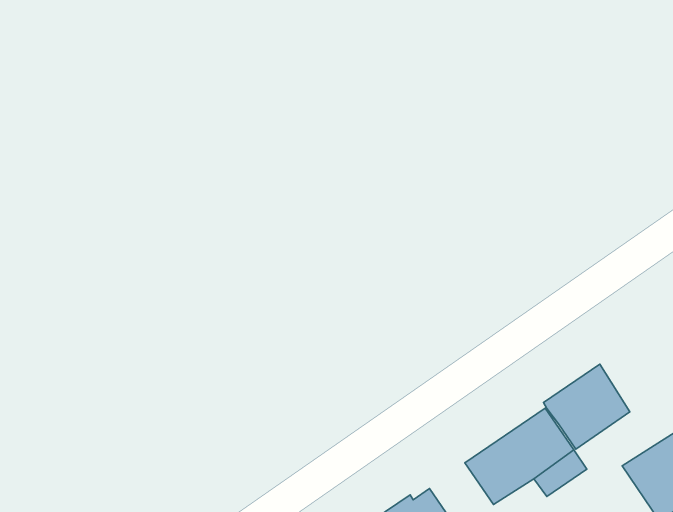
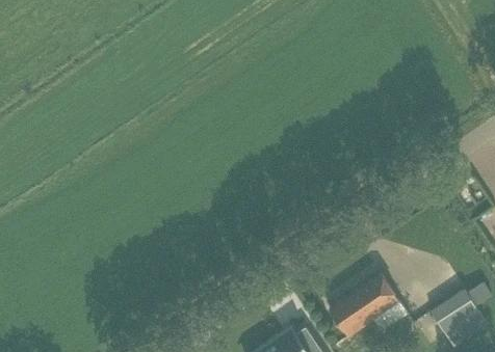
building: [544,364,630,449] -> none

